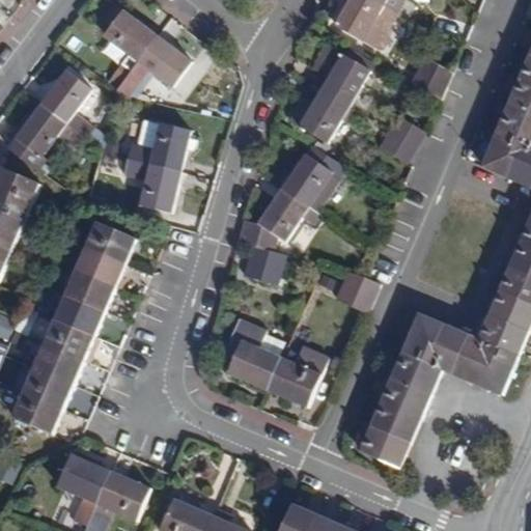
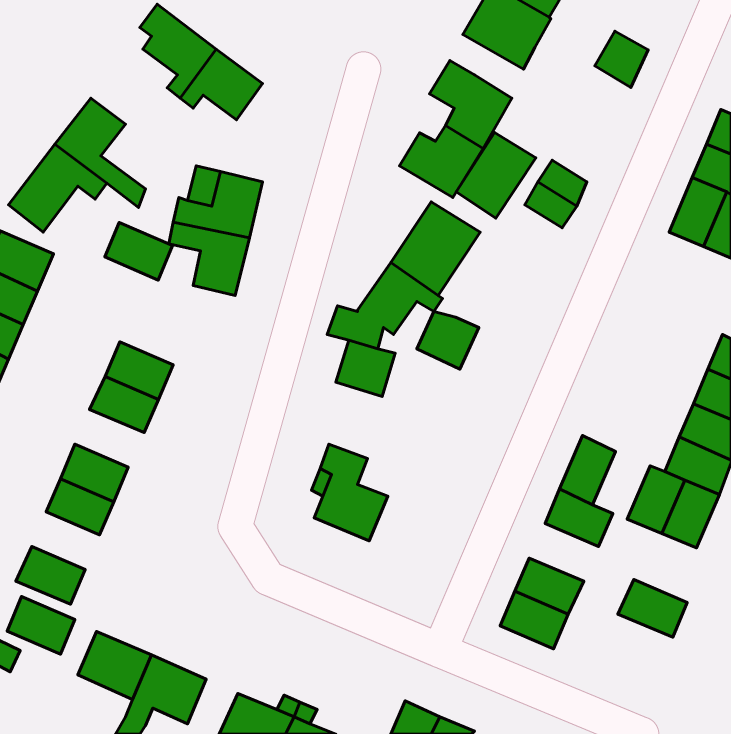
building: [411,57,449,97] -> [595,31,648,87]
building: none -> [456,132,536,218]
building: [86,221,135,262] -> [105,222,173,280]
building: [334,272,379,313] -> [417,311,479,369]
building: [54,295,104,336] -> none
building: [426,325,468,373] -> none
building: [266,345,326,406] -> none
building: [23,368,72,410] -> [7,596,75,654]
building: [381,376,430,418] -> [618,579,687,637]

